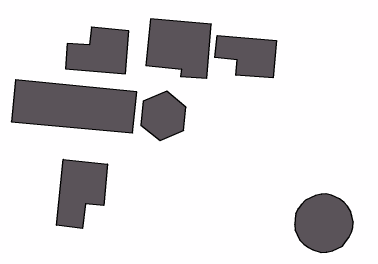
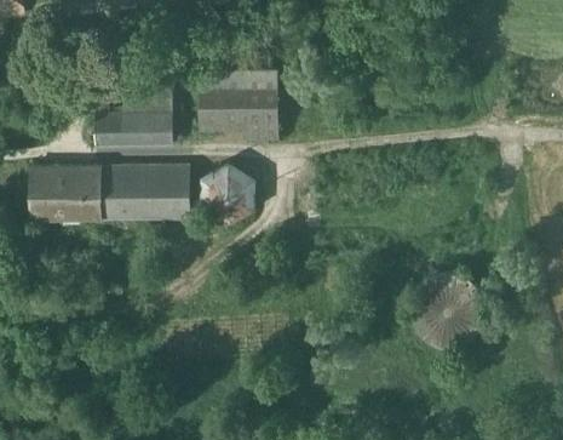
building: [215,36,276,78] -> none
building: [57,159,107,228] -> none

